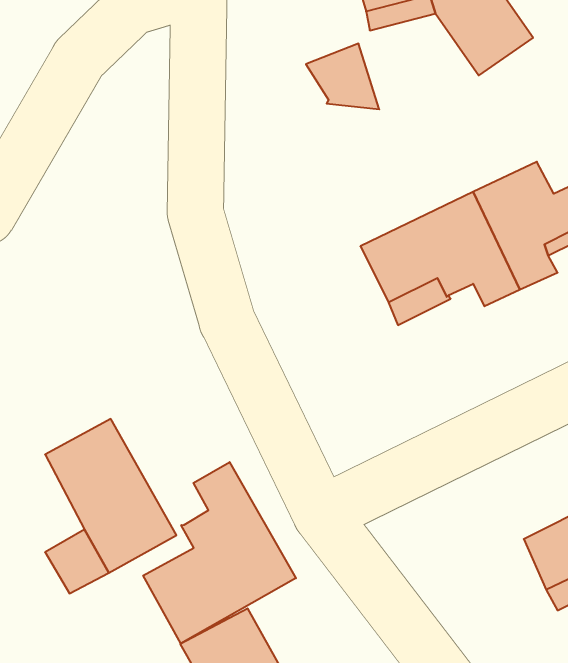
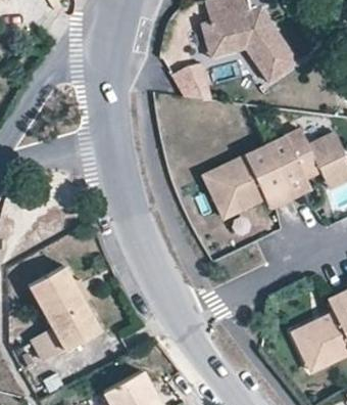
building: [143,462,296,644] -> none

